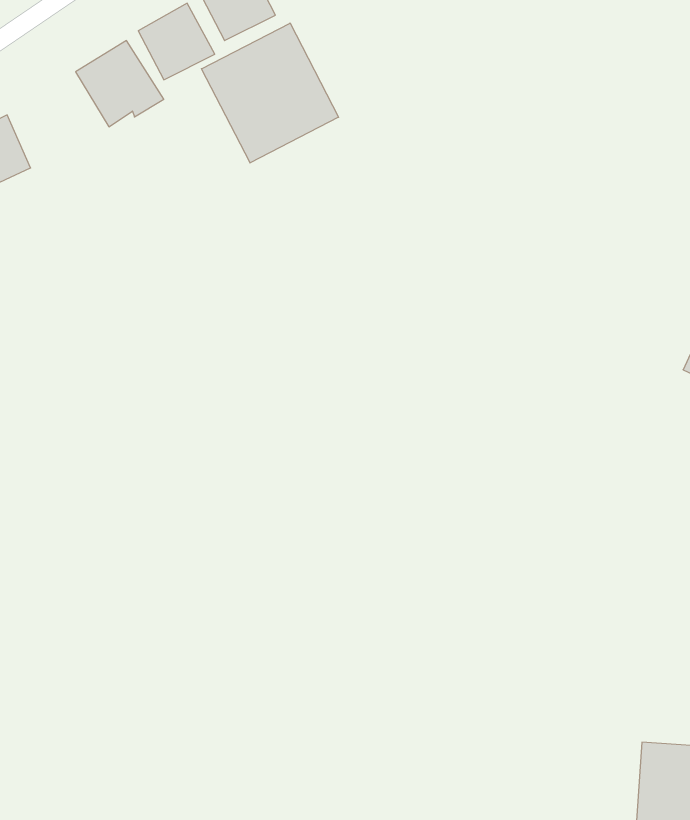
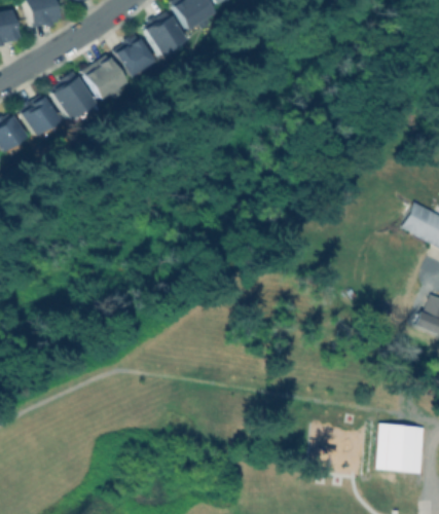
building: [201,23,339,163] -> none
building: none -> [51,72,94,120]

